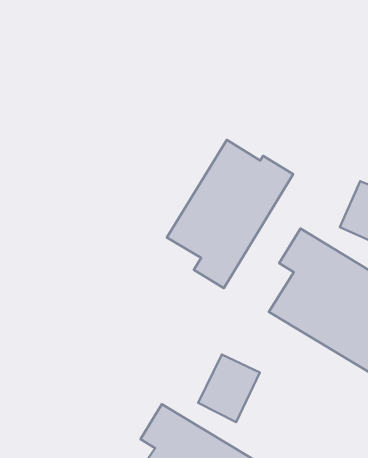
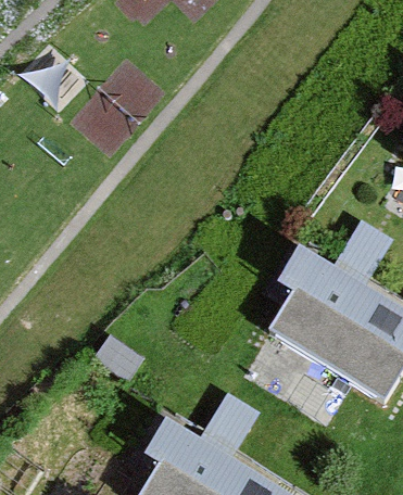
building: [167,140,293,288] -> none

